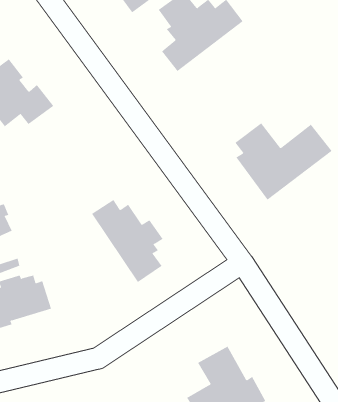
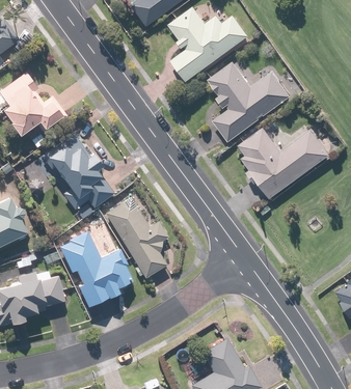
building: none -> [203,64,286,145]
building: none -> [43,132,115,220]
building: none -> [59,231,135,306]

